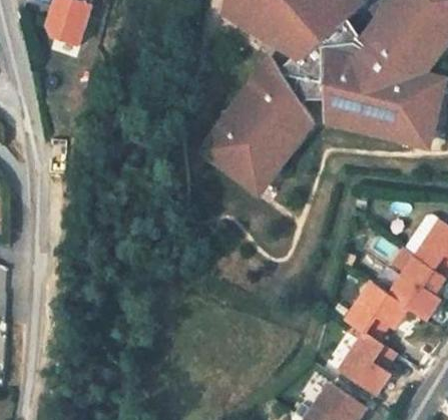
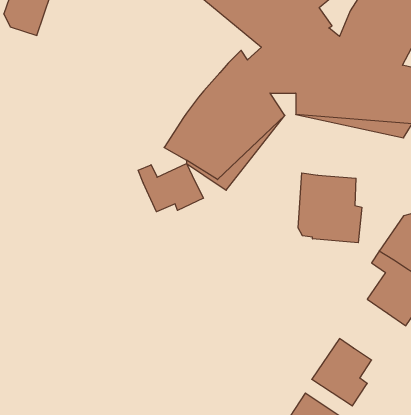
building: none -> [138,164,203,212]
building: none -> [298,173,362,243]
building: [346,284,408,341] -> none

